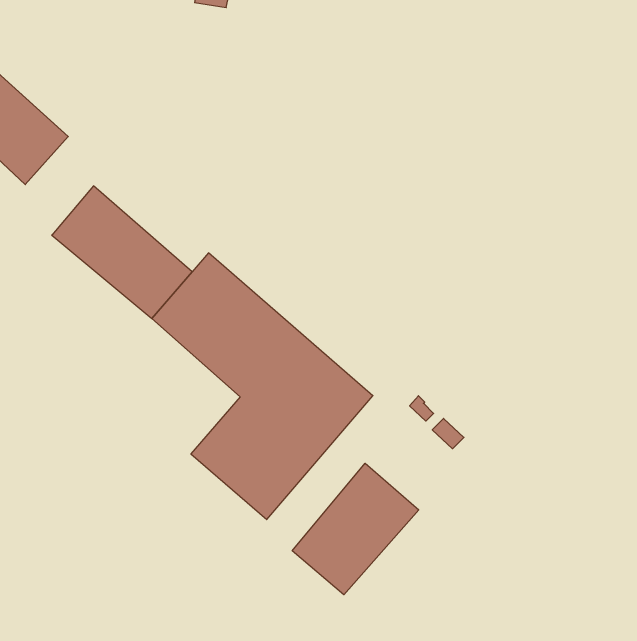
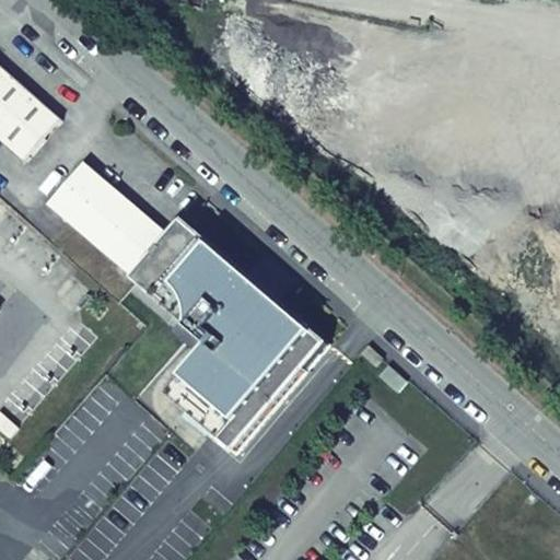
building: [292,463,419,595] -> none

